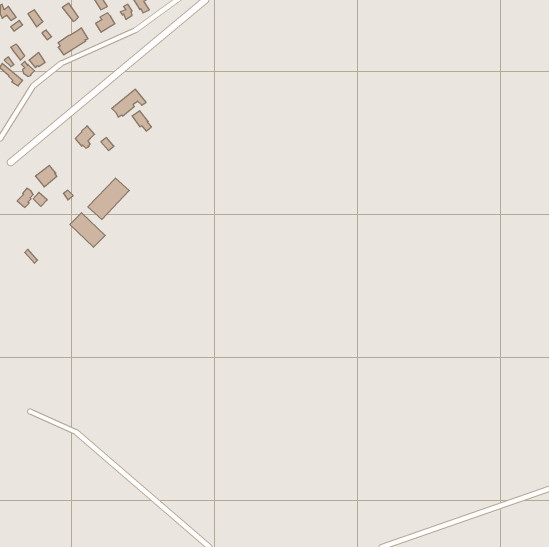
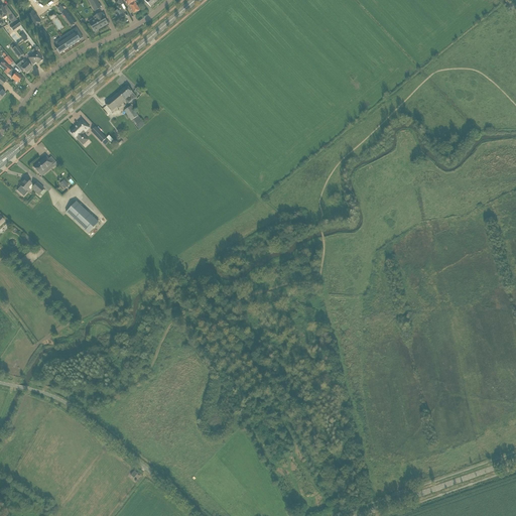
building: [88,178,129,219] -> none

